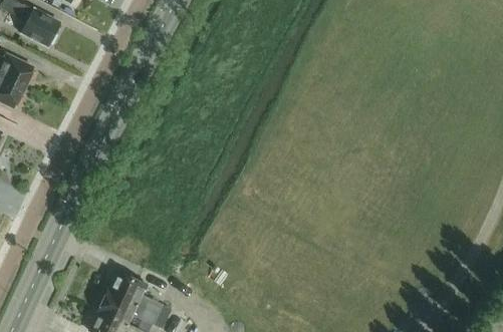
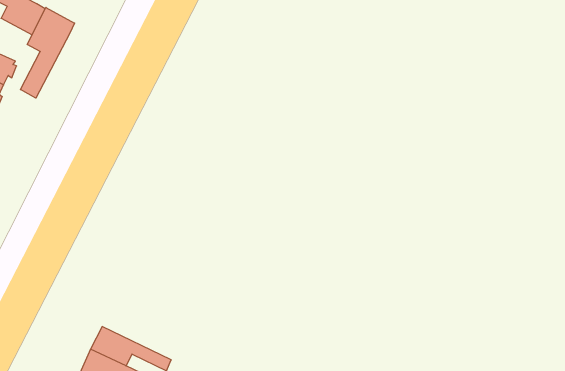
building: none -> [20,7,75,98]
building: [107,271,171,320] -> none

